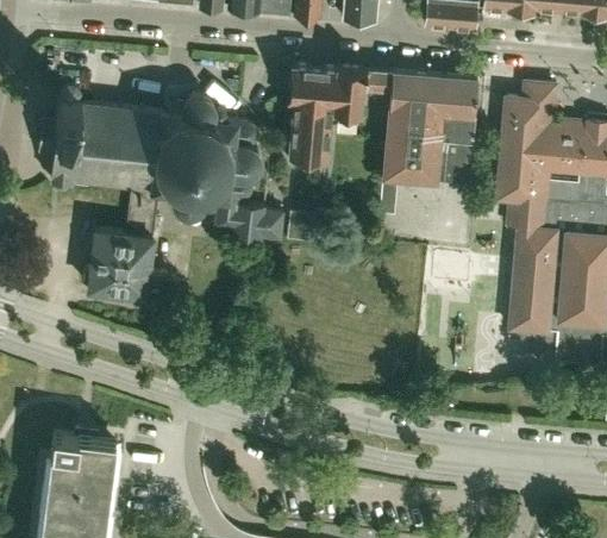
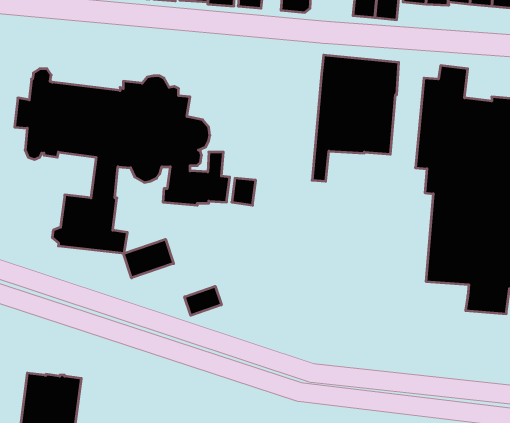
building: [289,65,392,167] -> none
building: none -> [123,239,174,278]
building: none -> [185,286,221,315]

